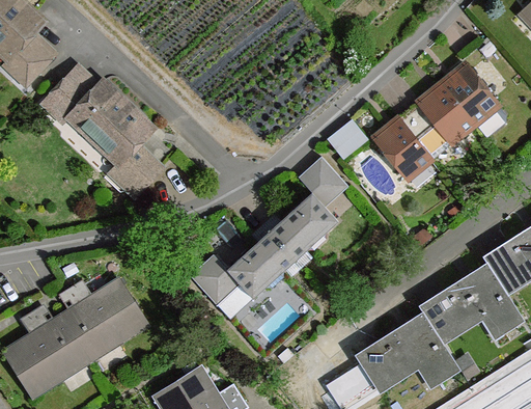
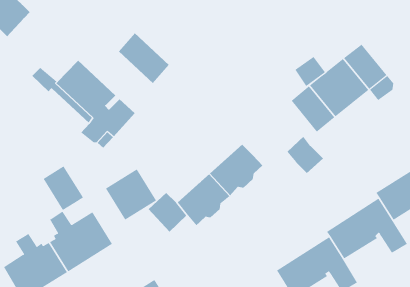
building: [9,32,54,85] -> none
building: none -> [118,33,170,84]
building: [52,67,99,113] -> none
building: [330,115,370,155] -> [294,56,326,87]
building: [300,159,347,208] -> [287,136,324,174]
building: none -> [43,165,84,211]
building: none -> [105,168,157,221]

